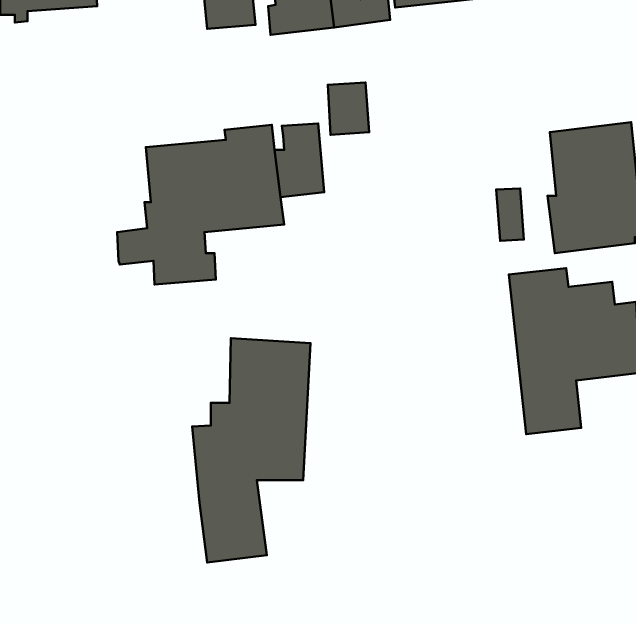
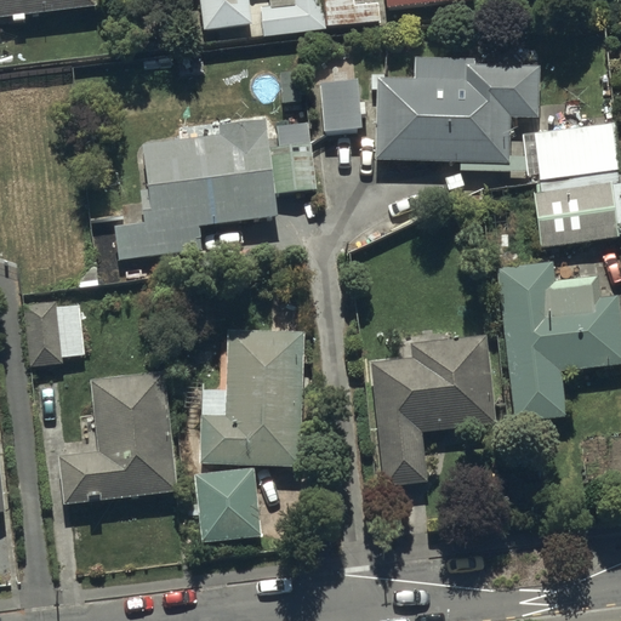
building: none -> [371,55,540,170]
building: none -> [24,298,85,363]
building: none -> [372,334,494,486]
building: none -> [58,371,171,502]

